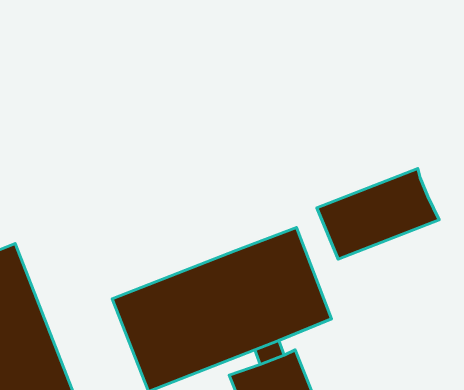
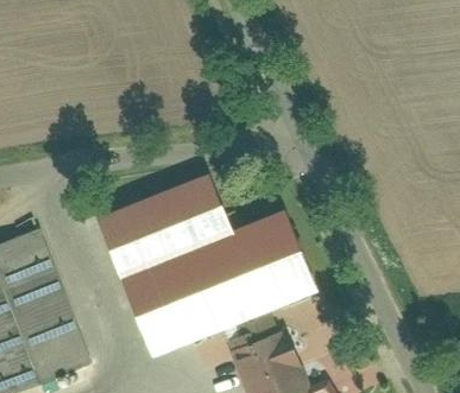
building: [317,168,439,259] -> none
building: none -> [99,176,231,275]

